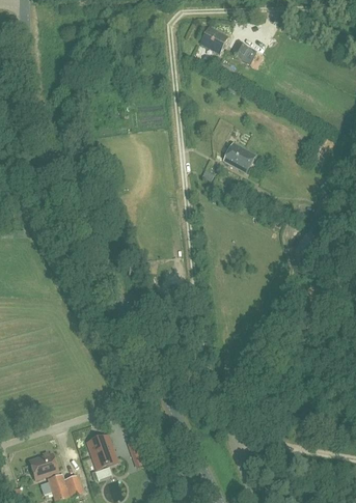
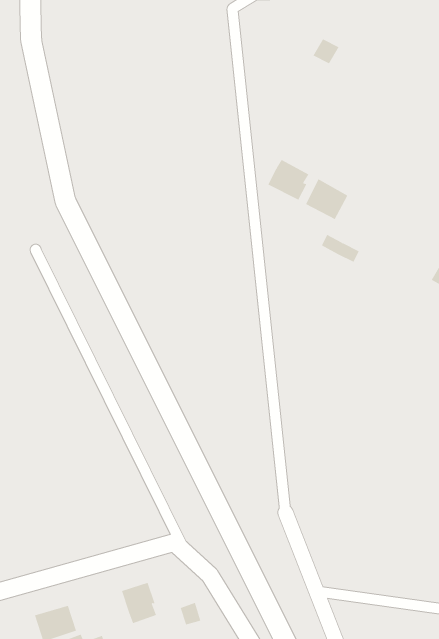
building: [200,26,228,52] -> none
building: none -> [267,159,309,201]

